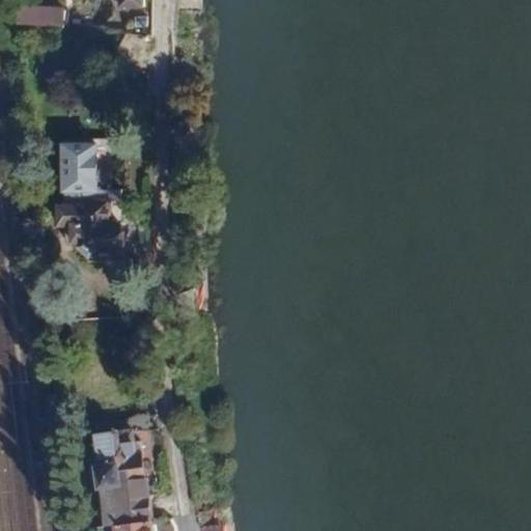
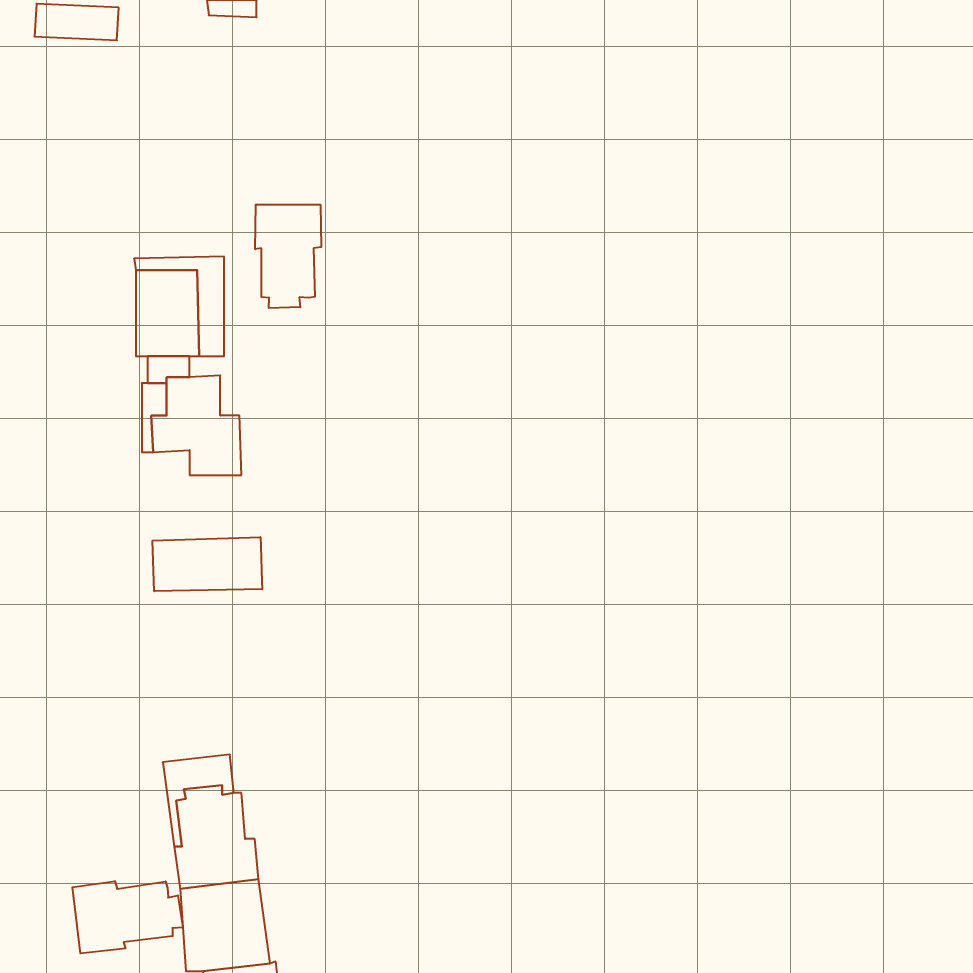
building: none -> [255,205,321,308]
building: none -> [153,537,262,591]
building: none -> [72,881,183,953]

